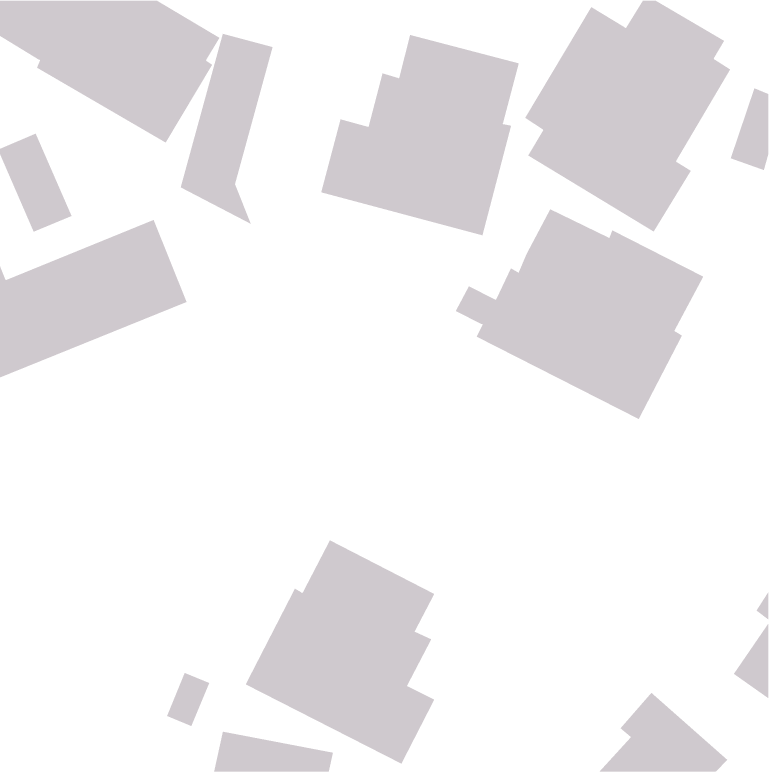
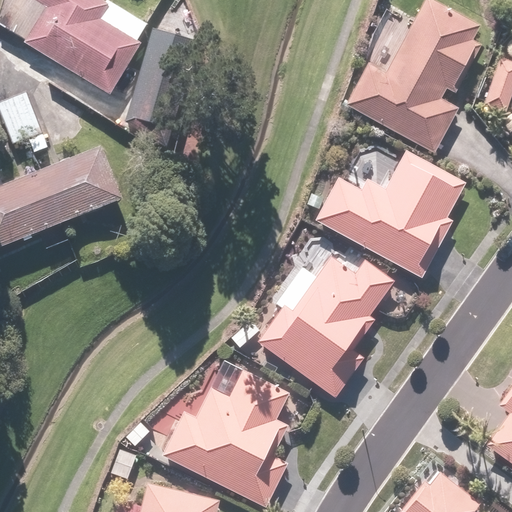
building: [321,34,519,236] -> none
building: none -> [256,229,394,397]

